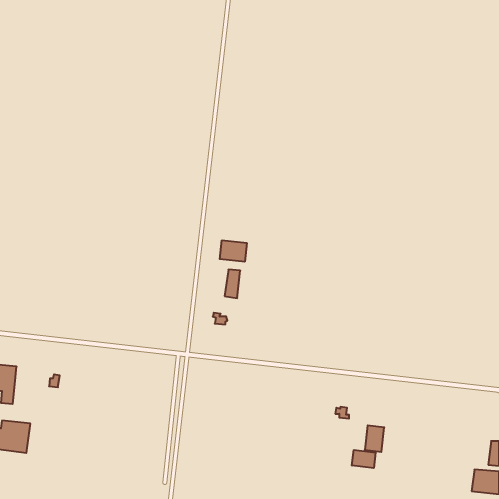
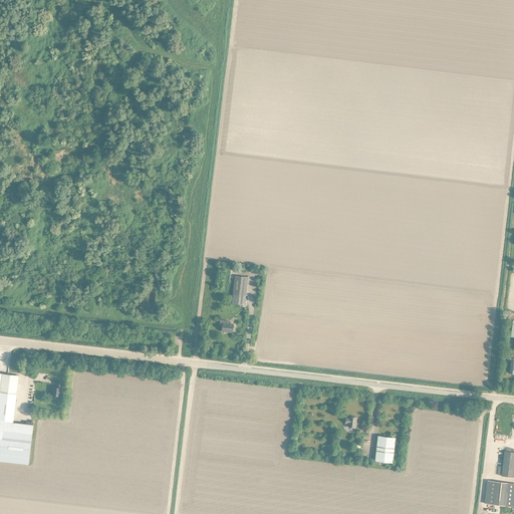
building: [220,240,247,262] -> none
building: [352,450,376,468] -> none

